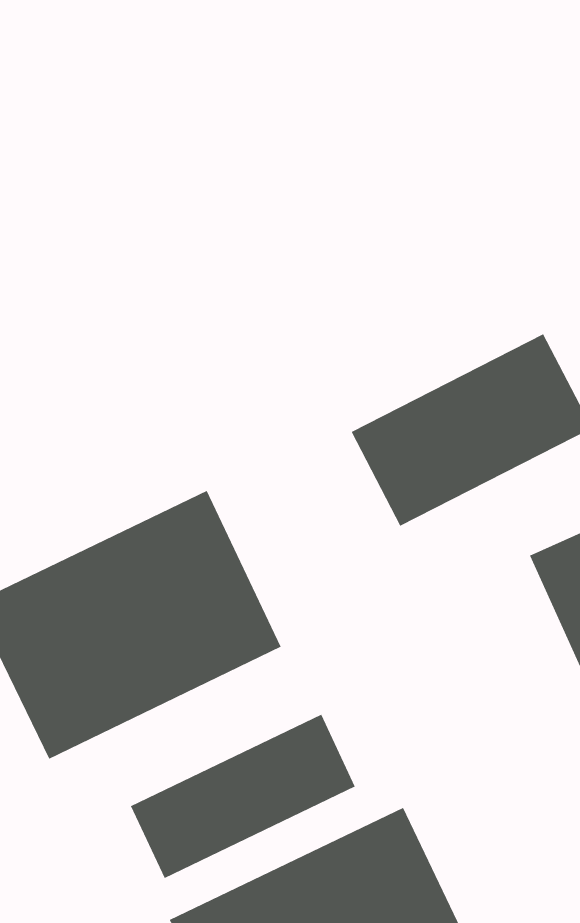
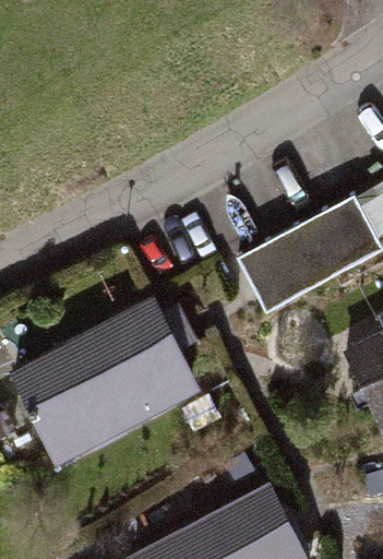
building: [130,714,356,879] -> none

